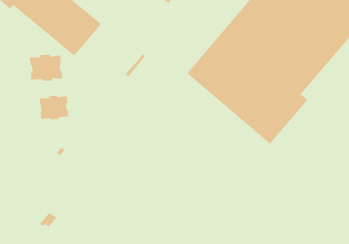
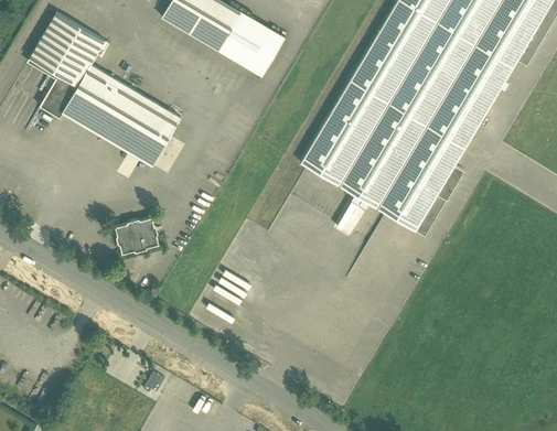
building: [29,54,63,82] -> none

